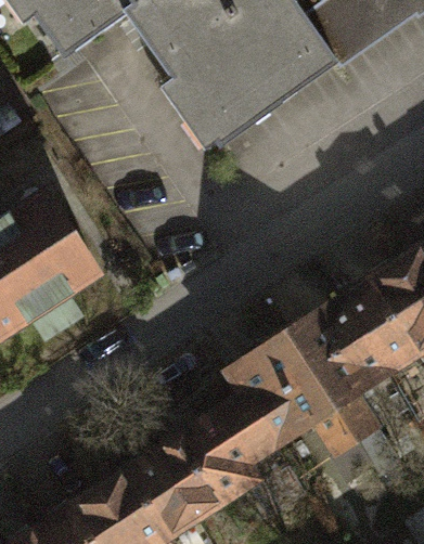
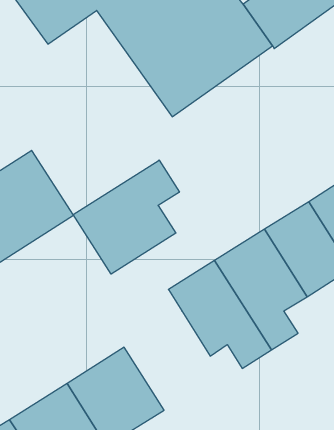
building: none -> [73,160,179,274]
building: [163,389,268,510] -> none

